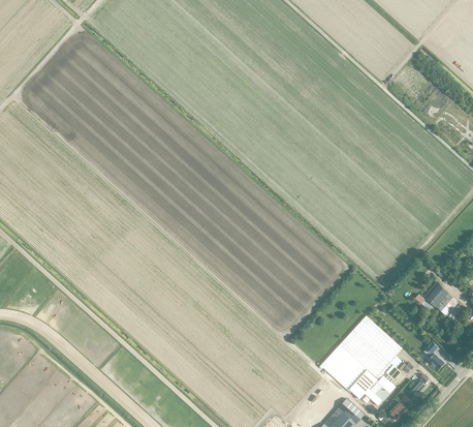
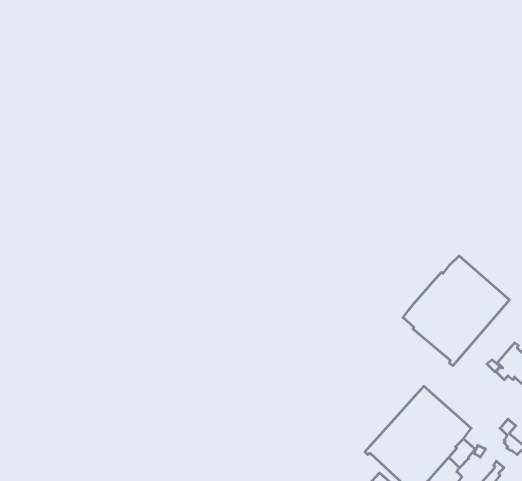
building: none -> [403,256,509,366]

